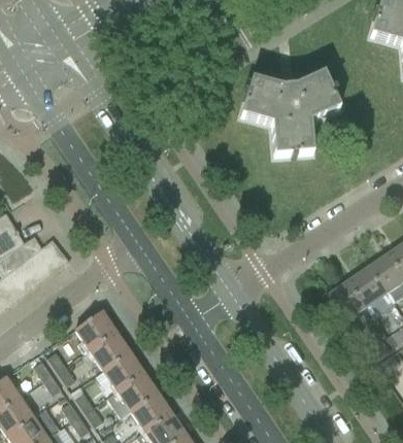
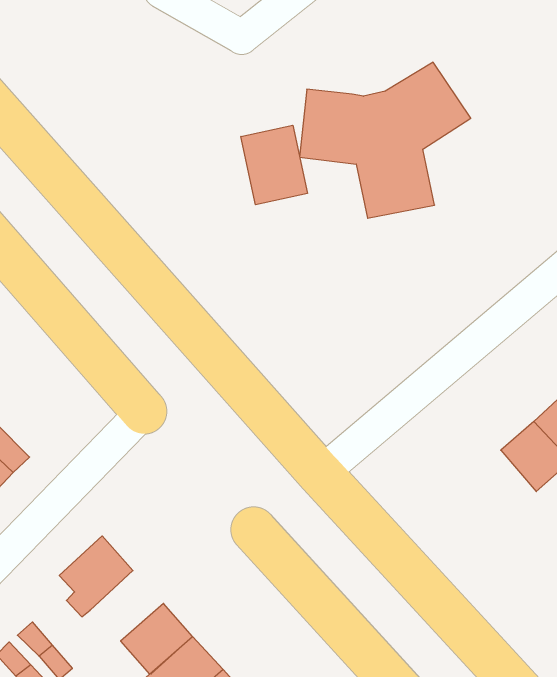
building: none -> [241,125,307,205]
building: [90,331,131,369] -> none

